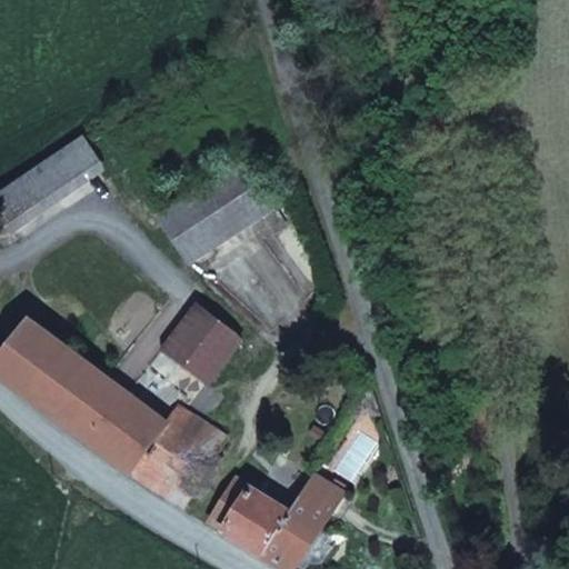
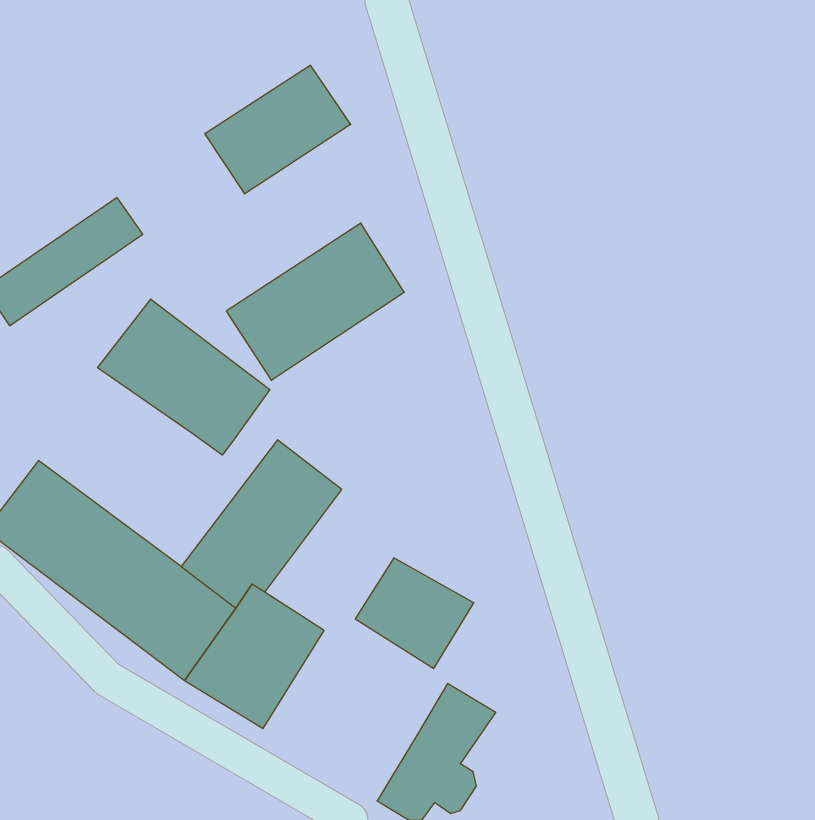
building: none -> [205,65,351,194]
building: none -> [98,299,270,455]
building: [207,478,289,555] -> [355,558,474,668]

